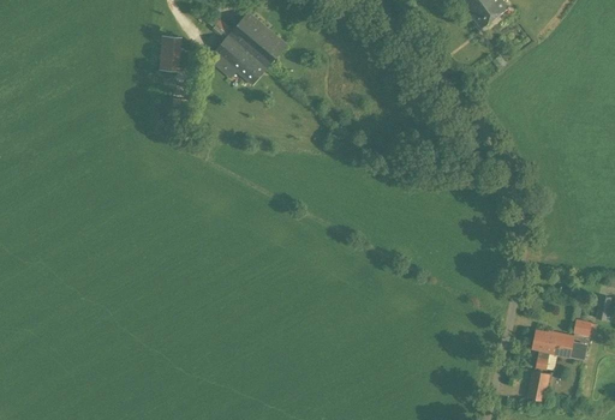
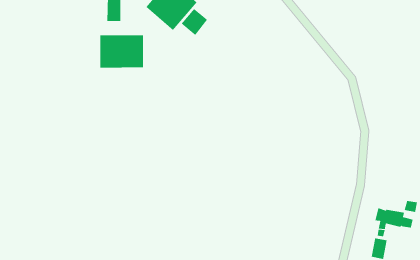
building: none -> [181,8,208,36]
building: none -> [100,34,143,68]

